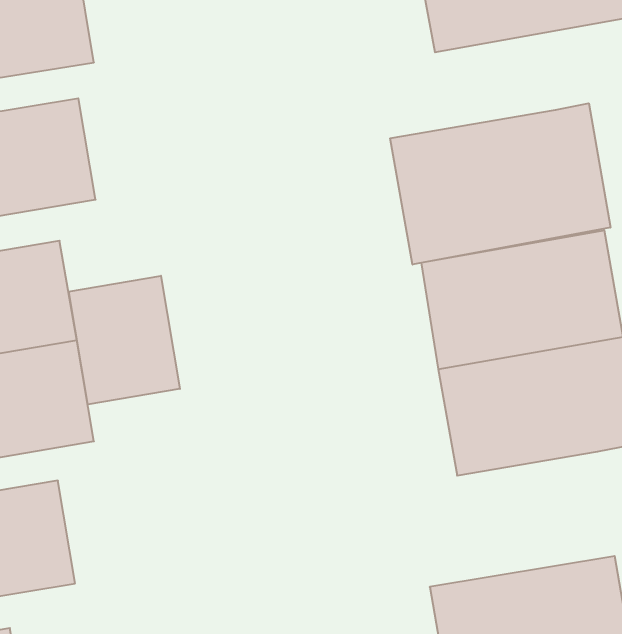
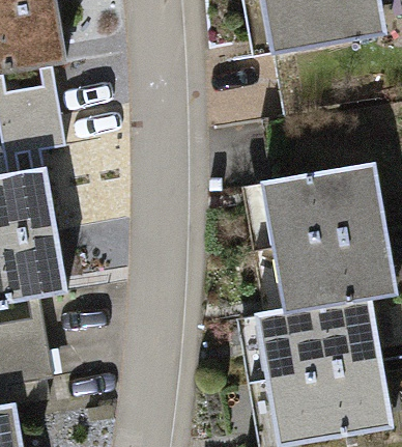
building: [390,103,610,265] -> none
building: [69,276,180,405] -> none
building: none -> [257,298,379,380]

